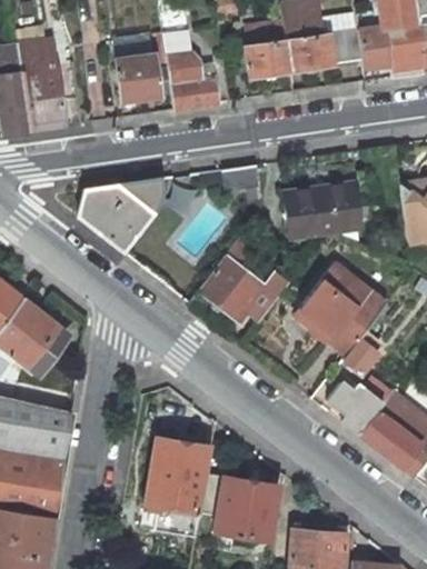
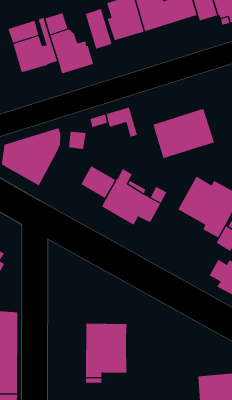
building: none -> [85,8,112,49]
building: none -> [80,165,116,199]
building: [201,475,279,540] -> none

